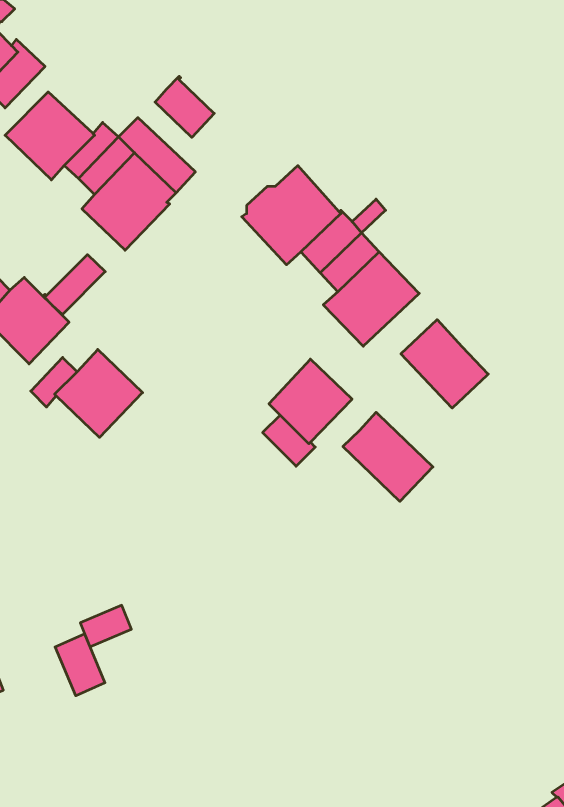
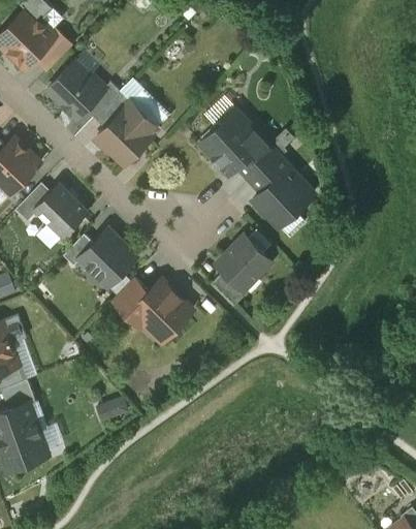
building: [155,76,214,137] -> none
building: [43,255,105,314] -> none
building: [401,320,488,408] -> none
building: [343,412,433,501] -> none
building: none -> [111,278,191,342]
building: [55,634,105,696] -> none

